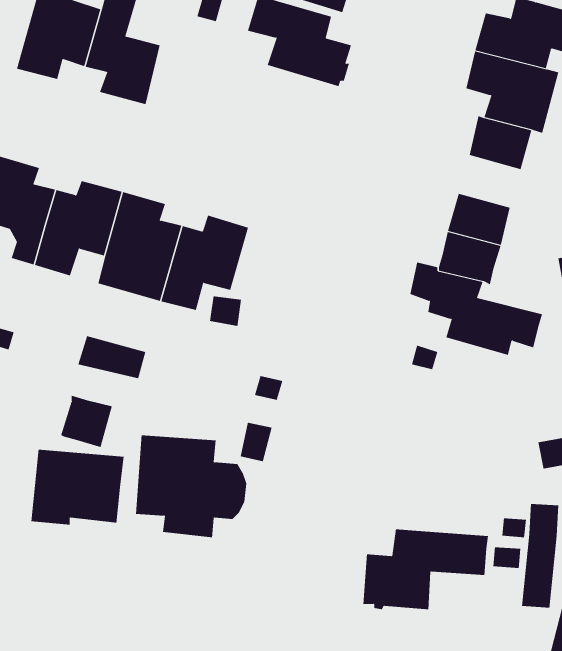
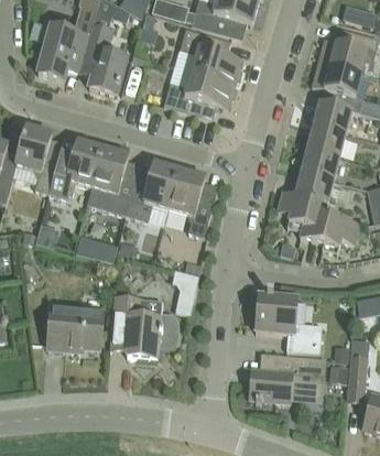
building: none -> [163,70,236,120]
building: none -> [307,126,346,158]
building: none -> [169,170,217,237]
building: [60,395,112,448] -> none
building: none -> [256,293,322,354]

